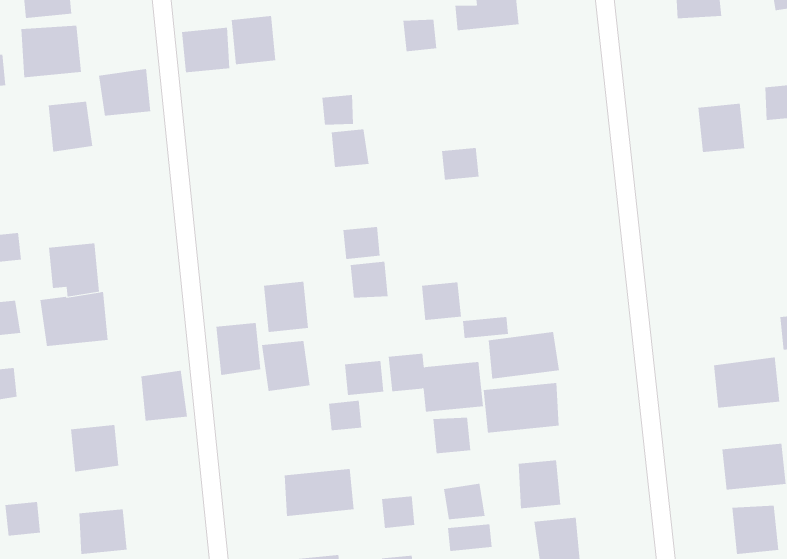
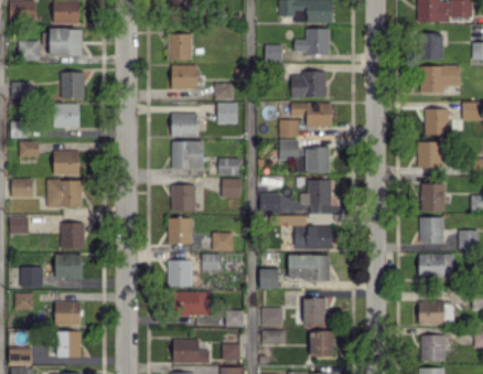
building: none -> [421,65,461,92]
building: [181,27,230,73] -> [172,65,198,88]
building: none -> [291,71,326,97]
building: [98,69,151,116] -> [53,103,80,127]
building: none -> [291,101,333,126]
building: none -> [171,111,198,136]
building: none -> [418,141,440,167]
building: none -> [172,141,204,168]
building: none -> [421,183,446,210]
building: none -> [300,180,331,205]
building: none -> [419,216,443,243]
building: [215,323,261,376] -> [169,259,192,287]
building: [388,353,484,412] -> [279,139,330,172]
building: [140,370,188,421] -> [61,222,85,248]
building: none -> [21,267,44,286]

